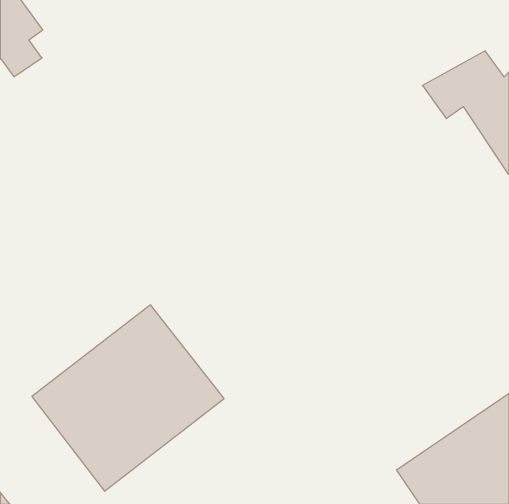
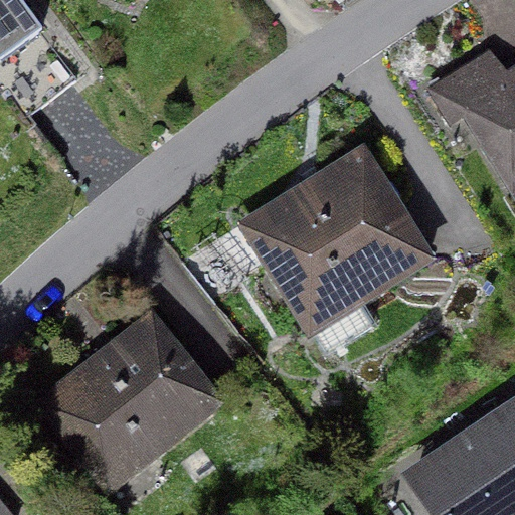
building: none -> [242,154,421,330]

